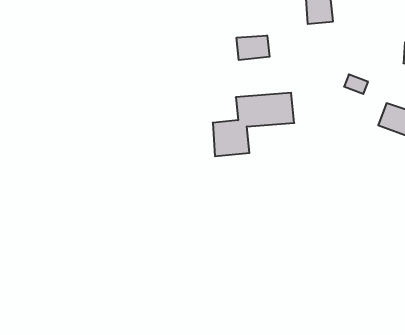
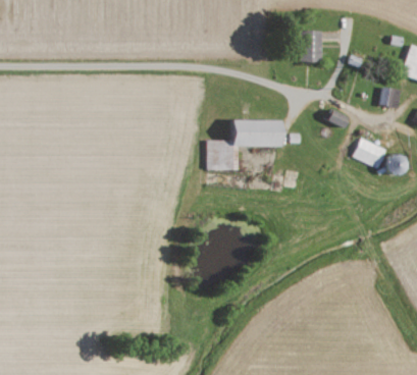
building: [237,35,270,60] -> none

